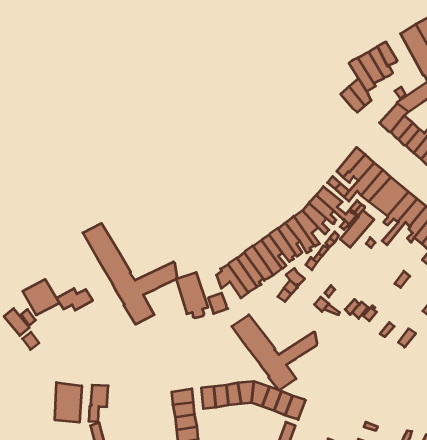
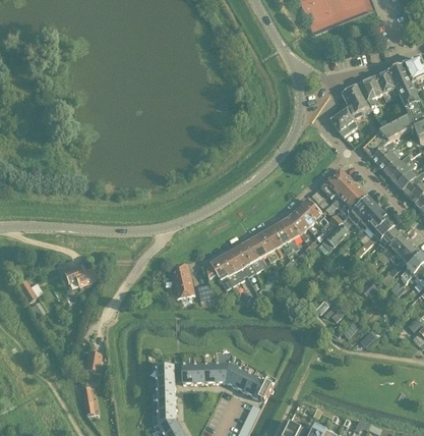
building: none -> [375,70,399,100]
building: [83,223,177,324] -> none
building: [23,279,60,315] -> none
building: [232,315,317,390] -> none
building: [55,382,82,422] -> none

